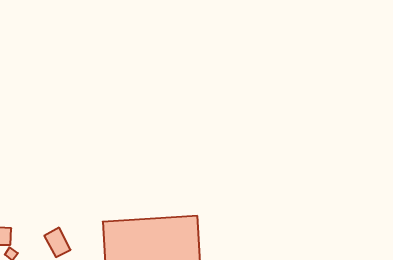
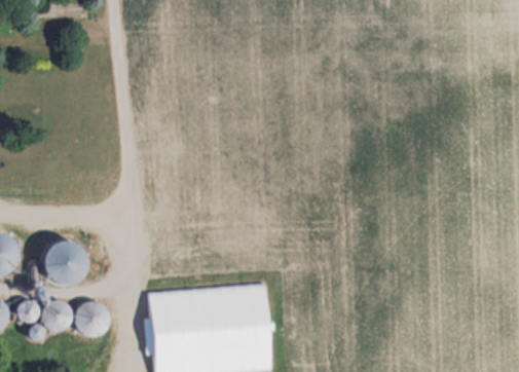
building: none -> [46,241,77,282]
building: none -> [44,302,66,328]

